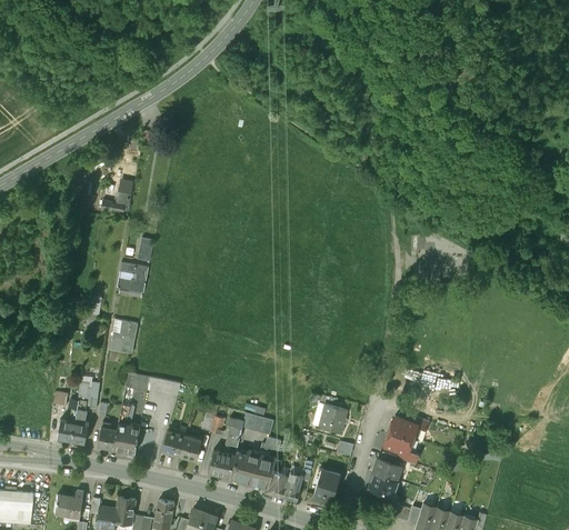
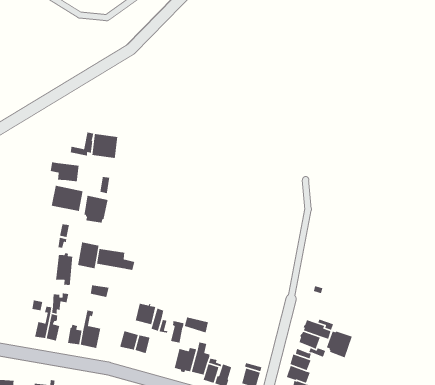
building: none -> [91,133,118,159]
building: none -> [50,162,80,182]
building: none -> [51,185,84,212]
building: none -> [96,248,135,271]
building: none -> [55,253,73,286]
building: [319,406,347,432] -> none
building: none -> [326,331,353,358]
building: [209,450,236,478] -> [135,303,156,325]

